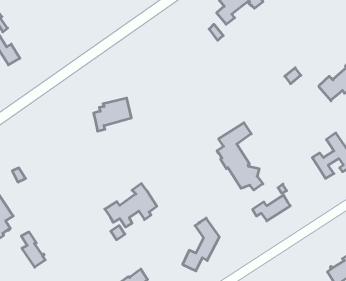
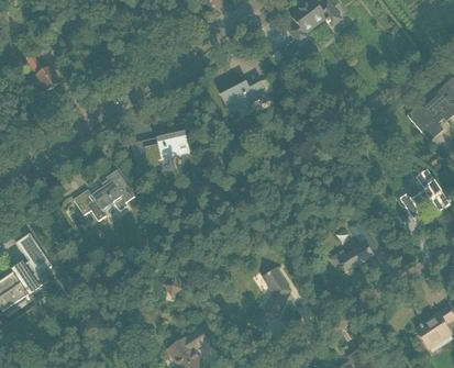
building: none -> [220,79,270,121]
building: [217,123,263,190] -> none
building: [105,184,157,227] -> [74,169,134,220]
building: [21,232,45,267] -> none

